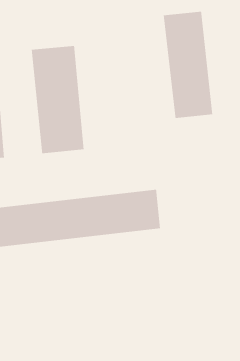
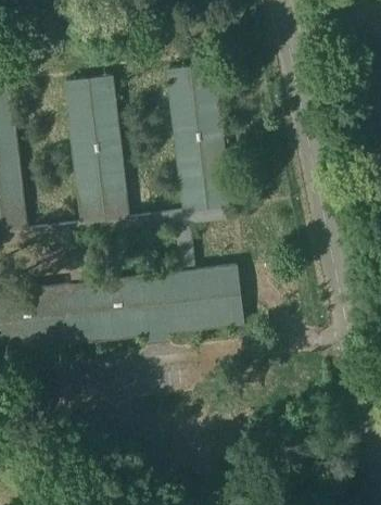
building: [163,11,213,119] -> [164,64,231,209]

